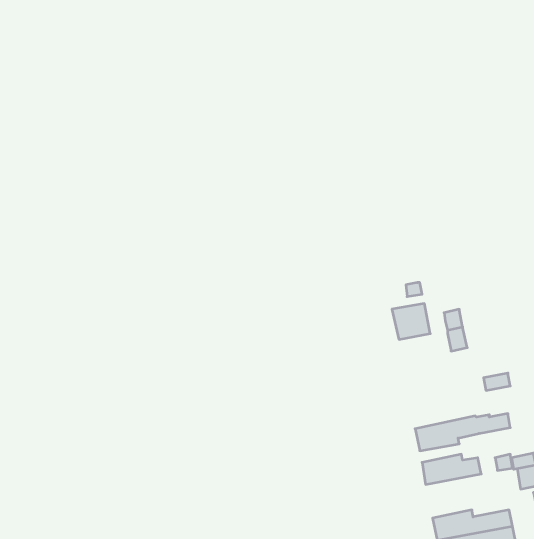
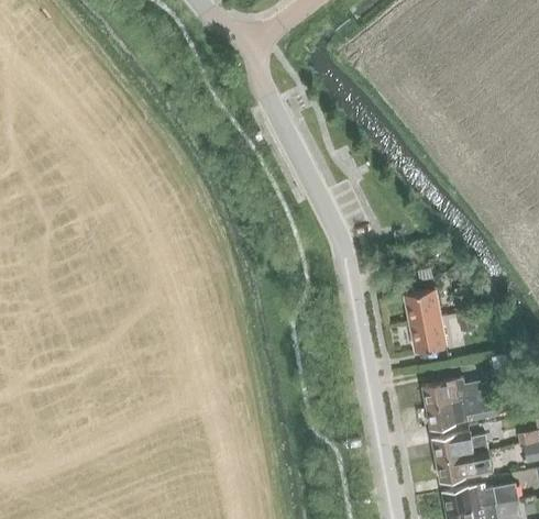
building: none -> [410,318,446,352]
building: none -> [422,379,483,408]
building: none -> [436,451,491,482]

